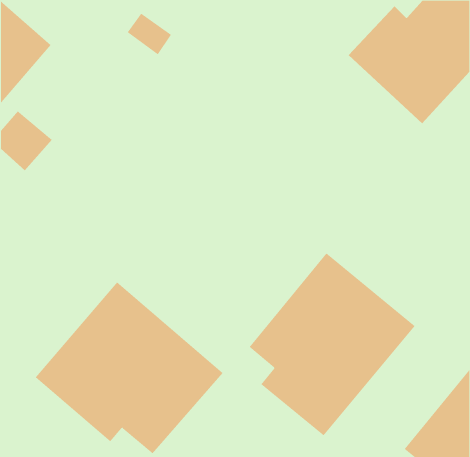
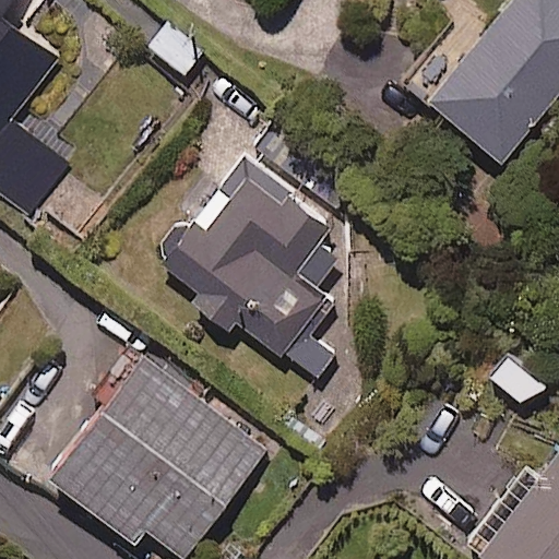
building: none -> [167,165,355,391]
building: [249,252,415,436] -> none

